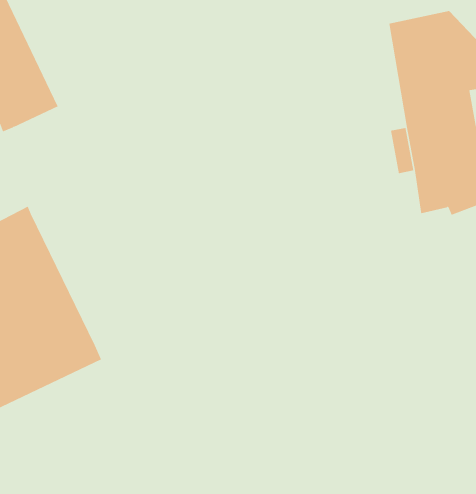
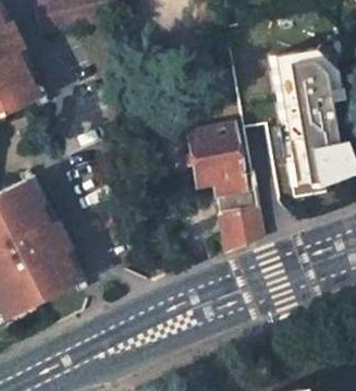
building: none -> [194,124,267,244]

